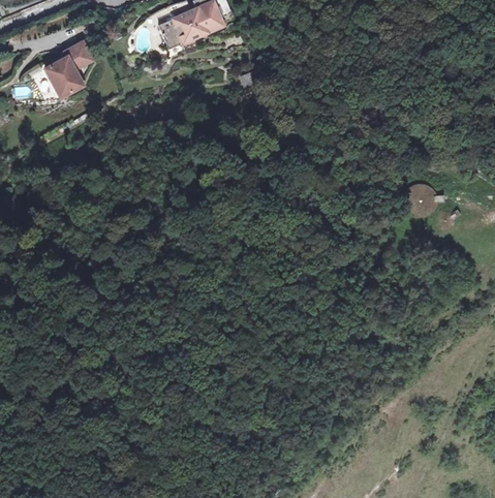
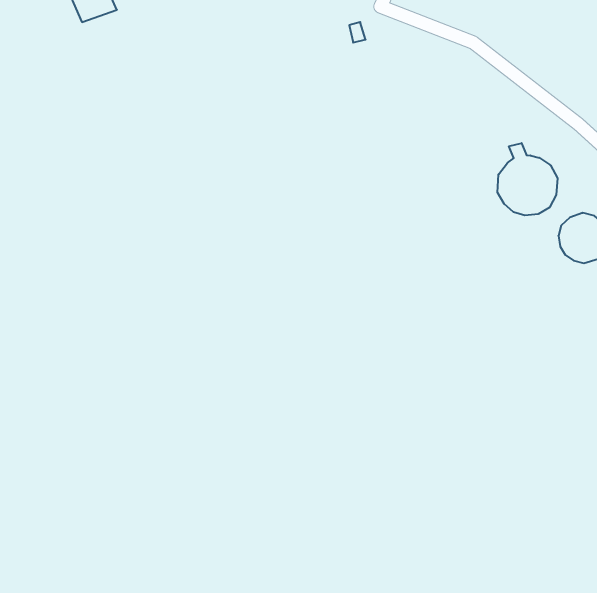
building: none -> [498,143,558,215]

